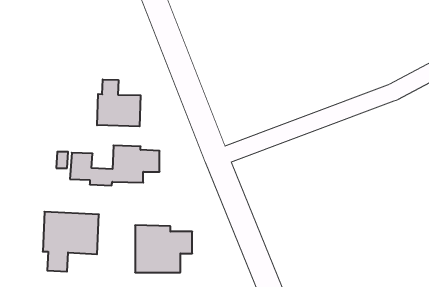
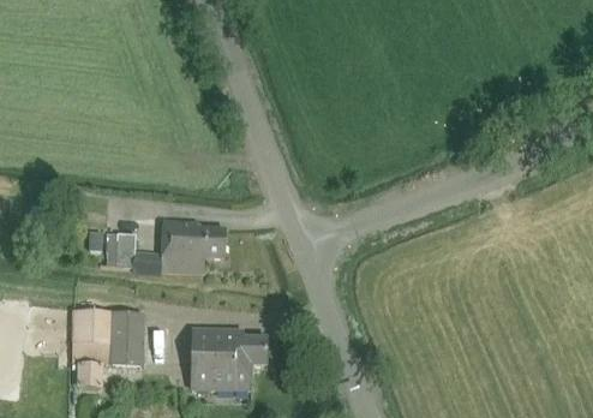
building: [97,79,141,126] -> none

